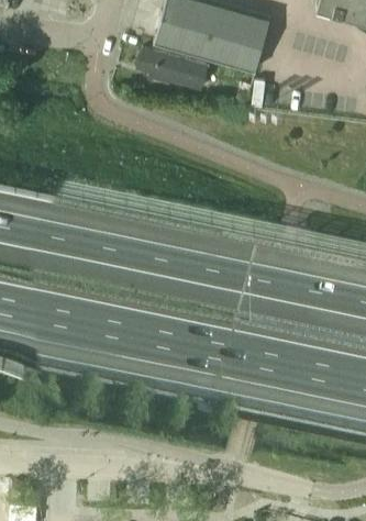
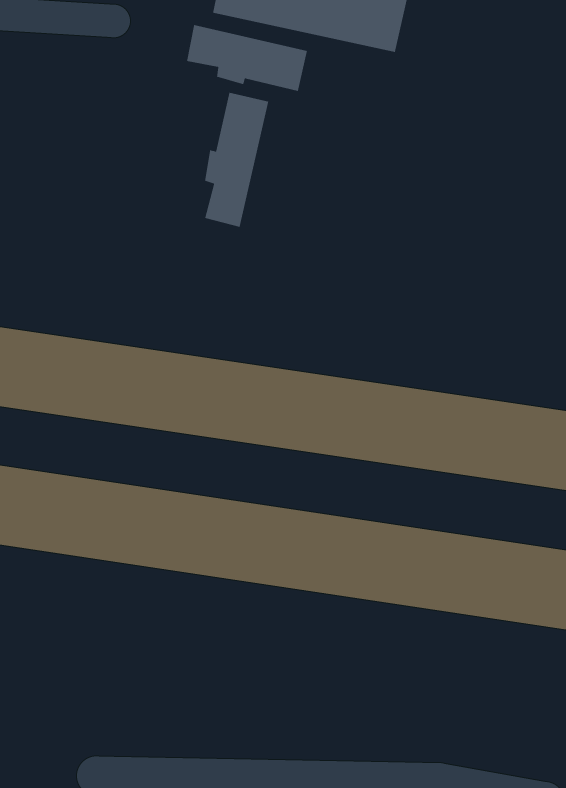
building: none -> [204,92,269,228]

